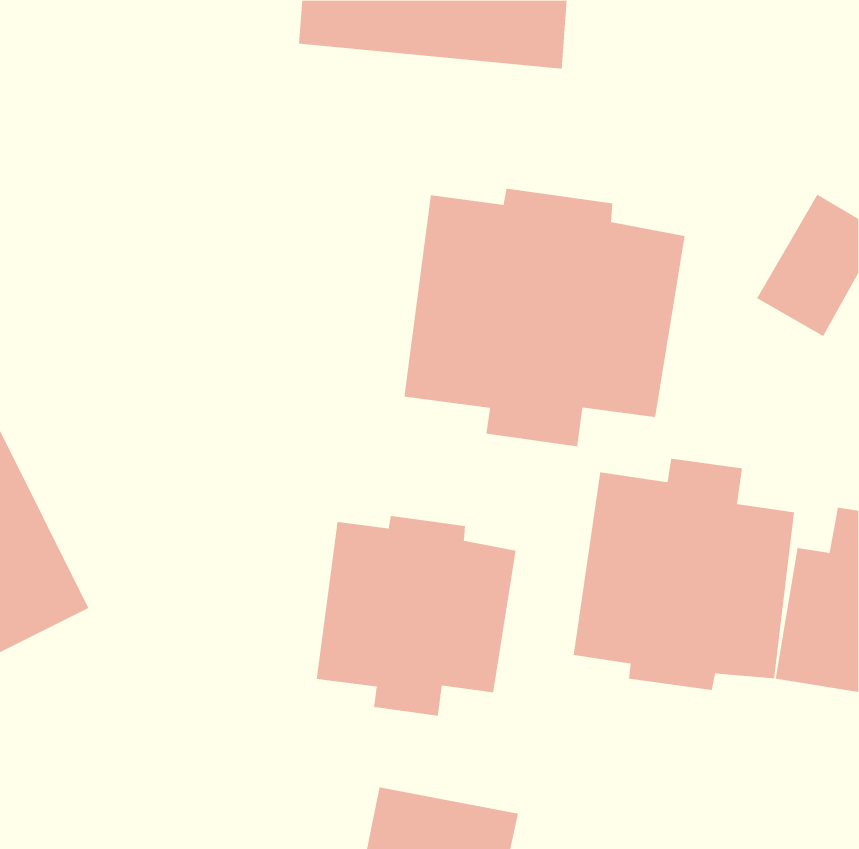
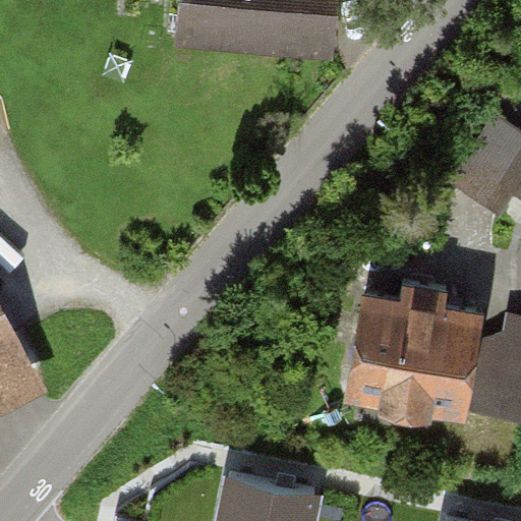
building: [404,188,685,447] -> none
building: [316,515,516,717] -> none

